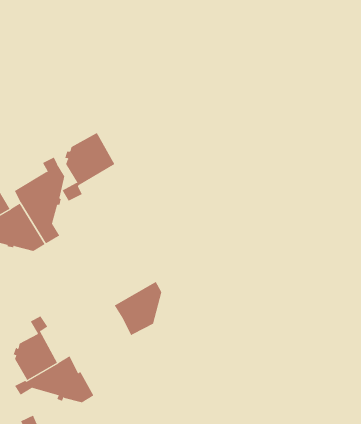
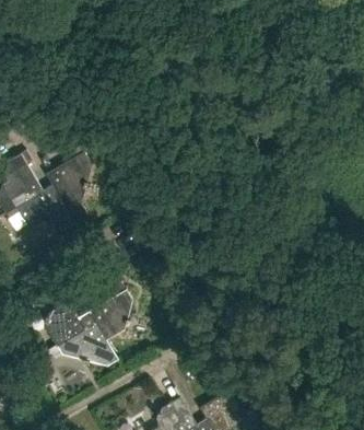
building: [62,132,115,201] -> none
building: [114,281,162,336] -> [90,289,133,338]

